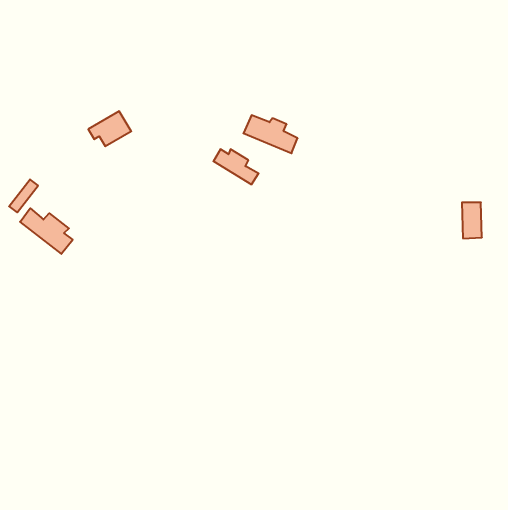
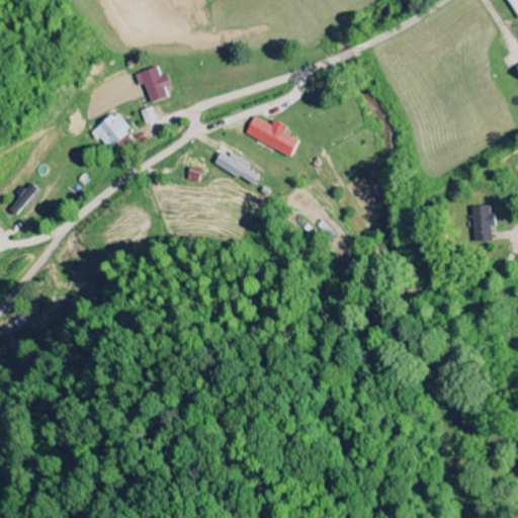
building: none -> [135,66,173,103]
building: [20,208,73,254] -> none

